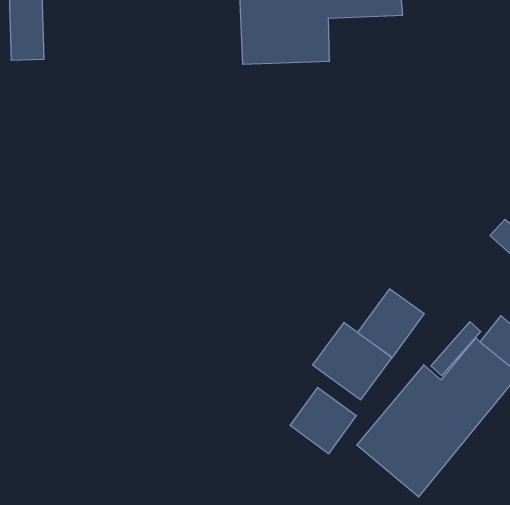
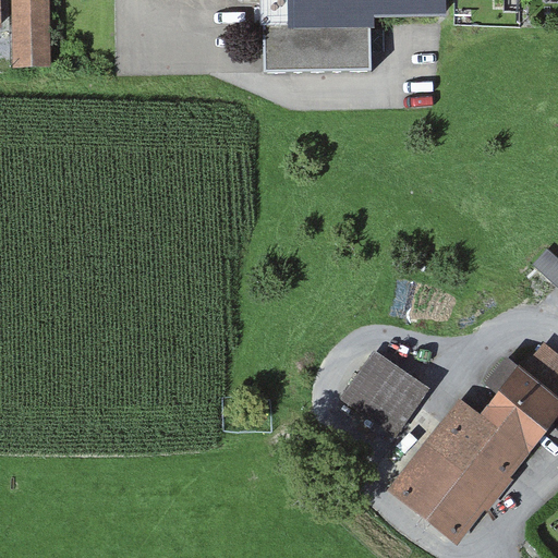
building: [358,289,424,358] -> none
building: [290,387,356,454] -> none

